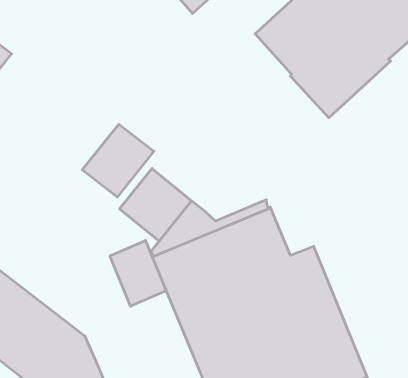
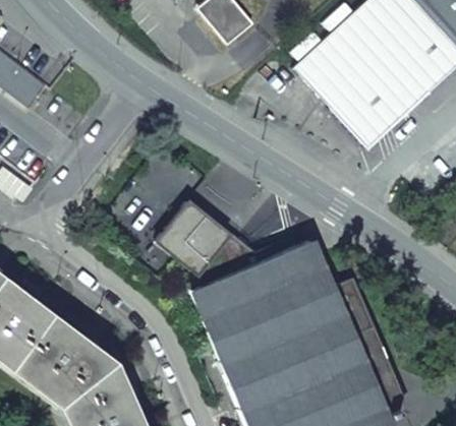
building: [82,124,154,197] -> none
building: [110,240,166,306] -> none

